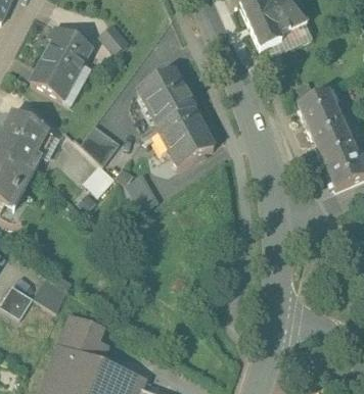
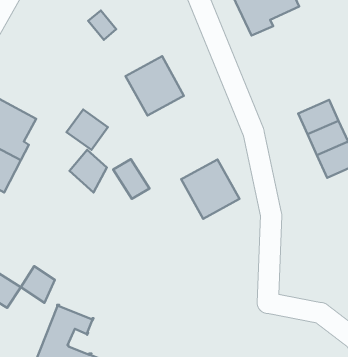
building: [31,26,93,99] -> none
building: [298,89,337,125] -> none
building: [156,108,214,166] -> [181,159,239,219]

